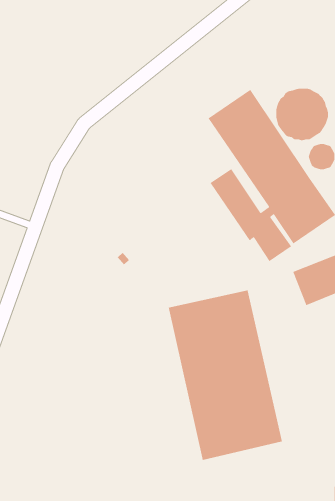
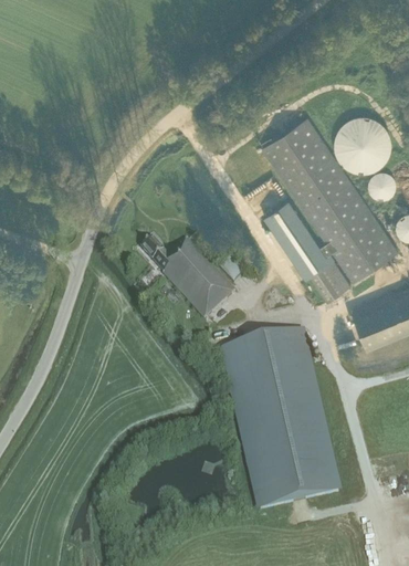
building: none -> [141,237,235,318]

